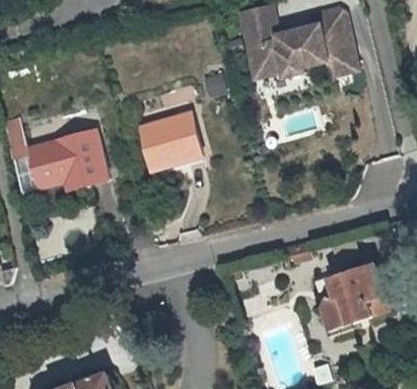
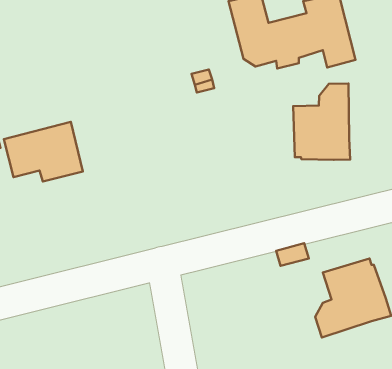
building: none -> [293,83,350,160]
building: [140,111,200,169] -> none

